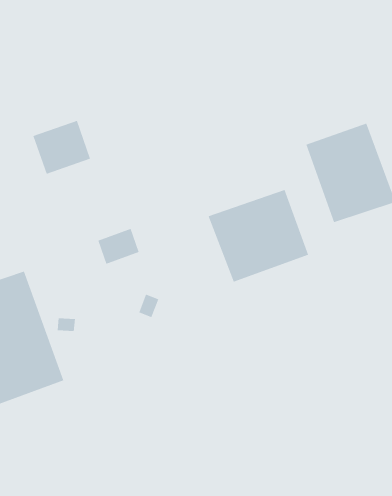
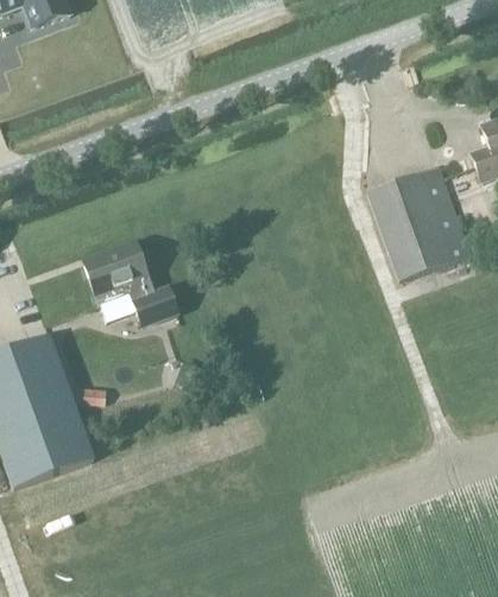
building: [32,120,91,175] -> [82,241,149,303]
building: [208,189,309,282] -> none

